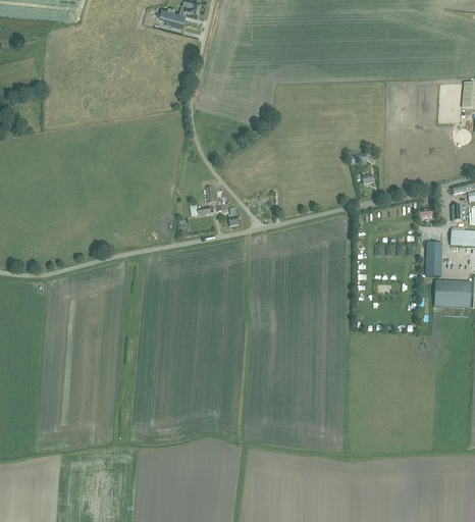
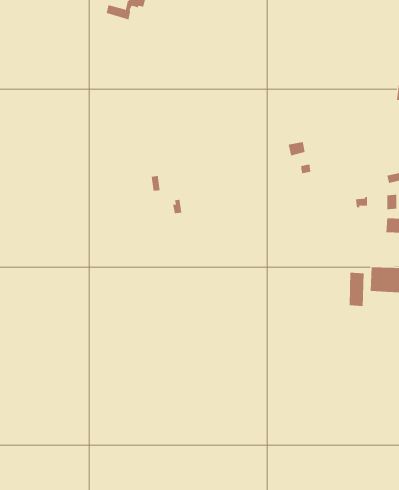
building: [425,241,441,276] -> [349,272,364,307]

